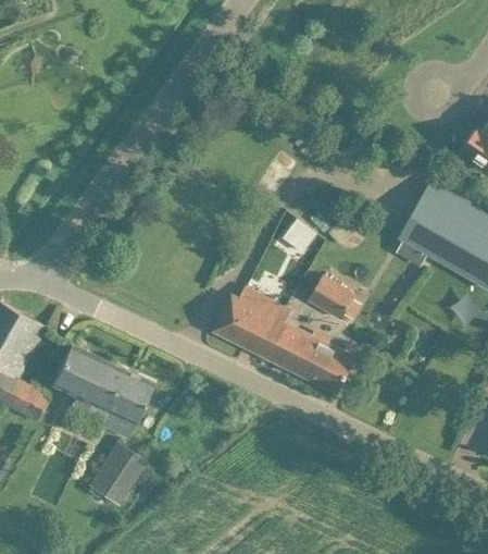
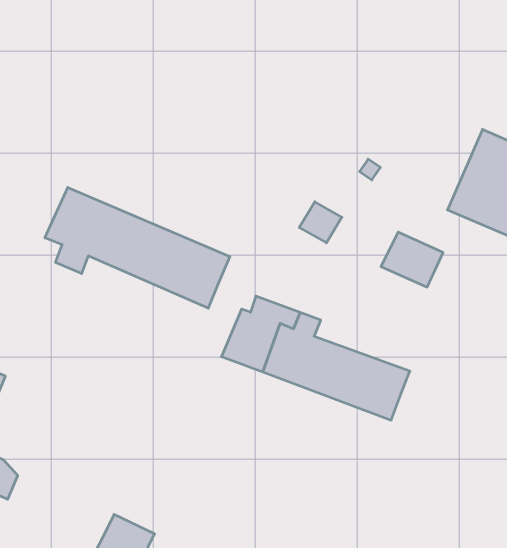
building: none -> [45,187,230,308]
building: [308,274,356,319] -> [381,232,443,287]
building: [51,345,153,439] -> none

